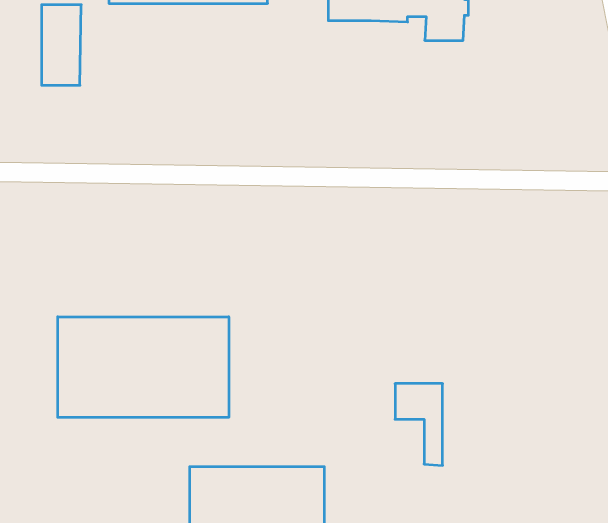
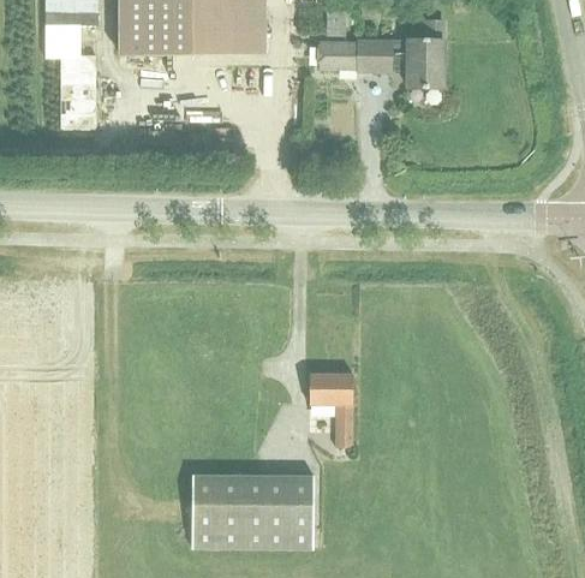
building: [58,317,229,417] -> none
building: [395,384,443,465] -> [310,374,353,448]

